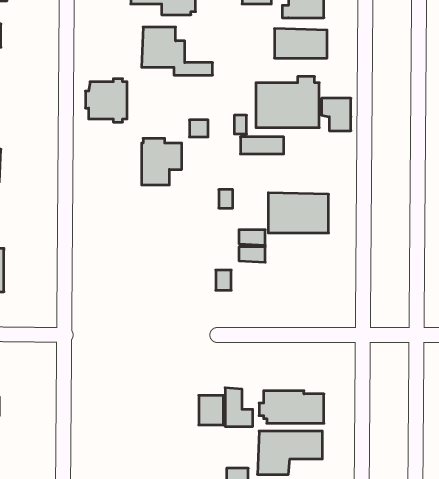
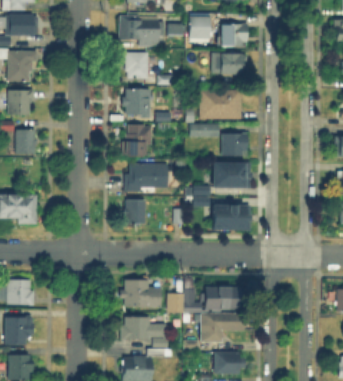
building: [85,79,127,122] -> [123,89,150,117]
building: [322,98,351,131] -> [227,134,246,155]
building: none -> [126,163,166,193]
building: none -> [125,202,145,226]
building: none -> [208,203,246,228]
building: none -> [120,281,161,306]
building: none -> [122,318,164,340]

